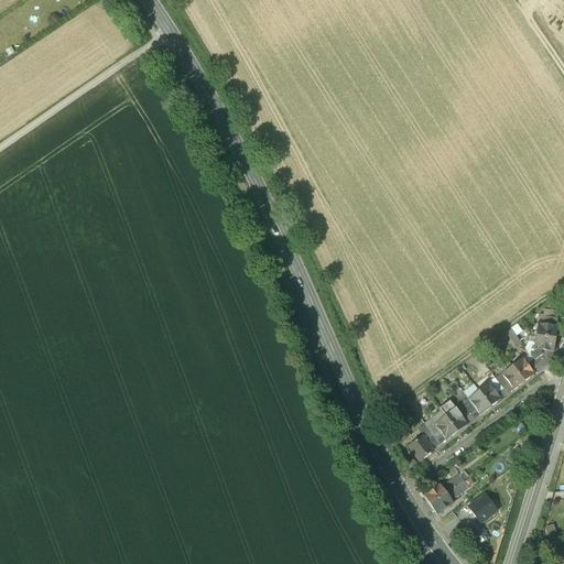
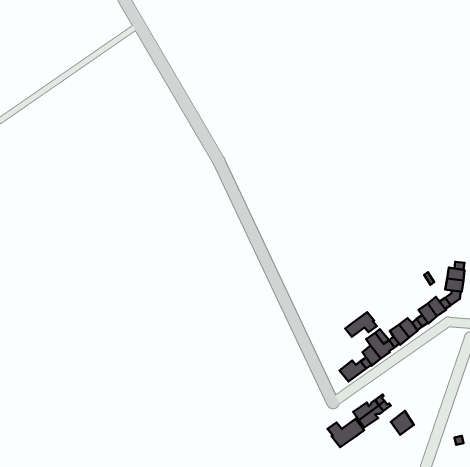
building: none -> [345,312,377,337]
building: none -> [328,419,364,447]

